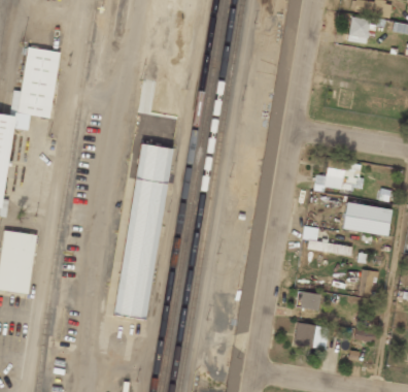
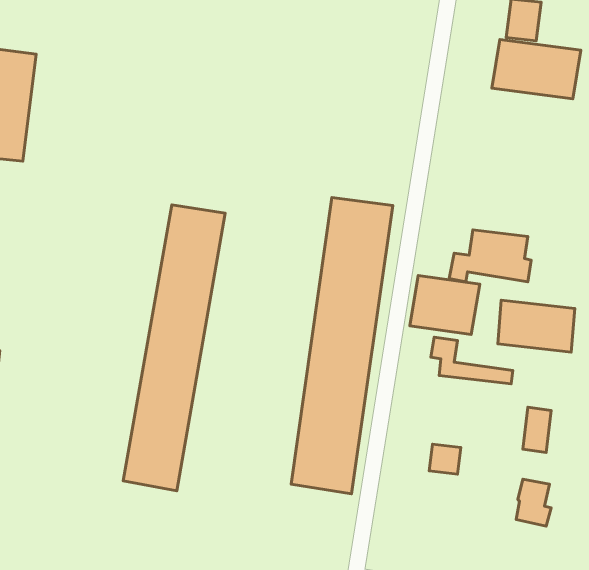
building: none -> [492,40,581,99]
building: none -> [291,198,393,494]
building: none -> [410,275,480,335]
building: [295,324,327,348] -> none

